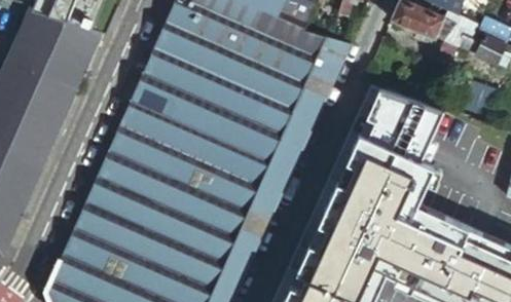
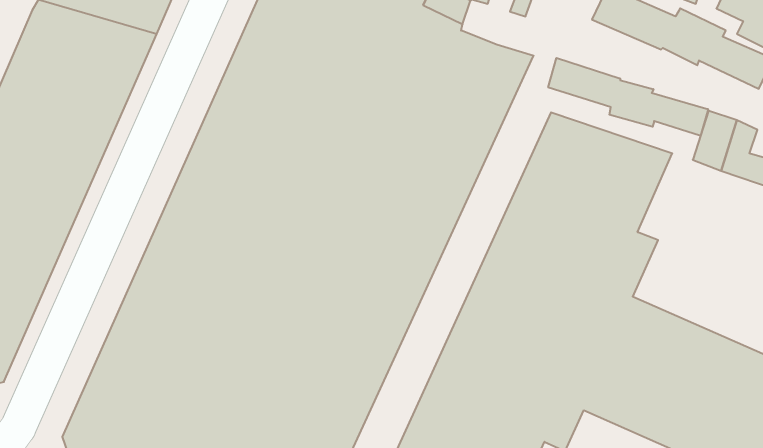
building: none -> [548,58,708,136]

